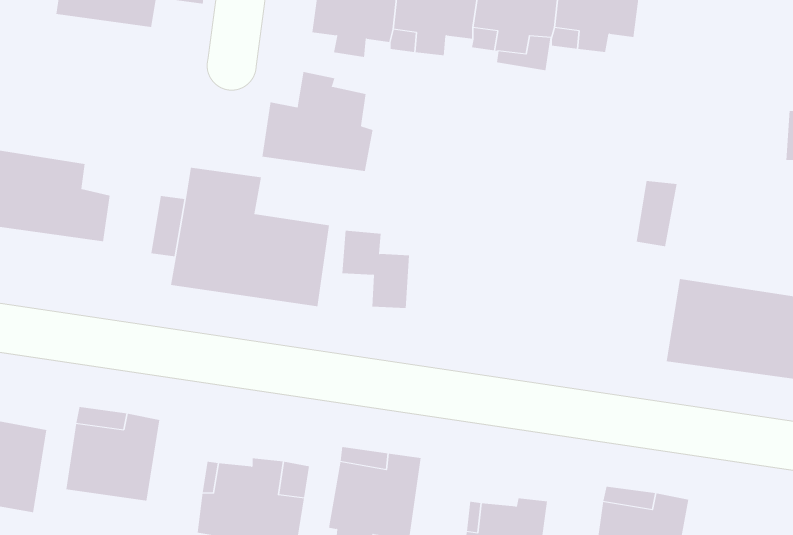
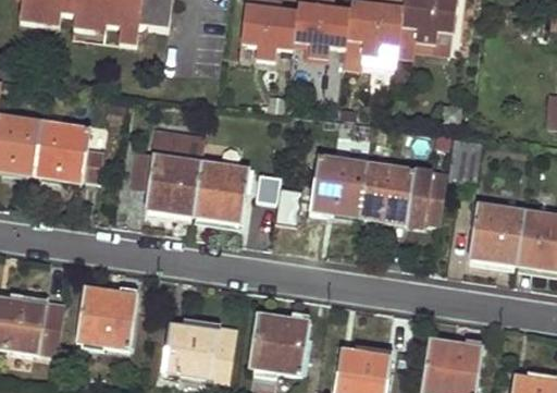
building: [262,71,373,172] -> none
building: none -> [312,157,436,222]

